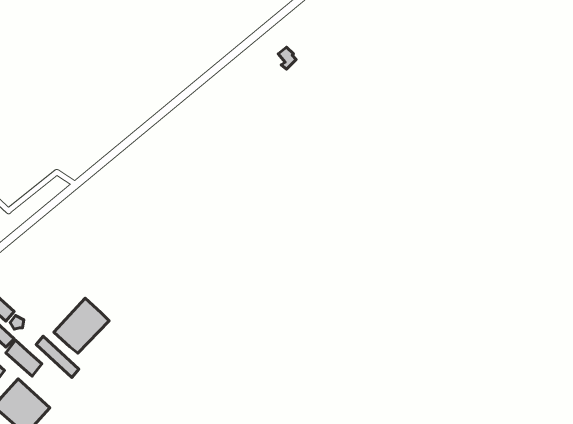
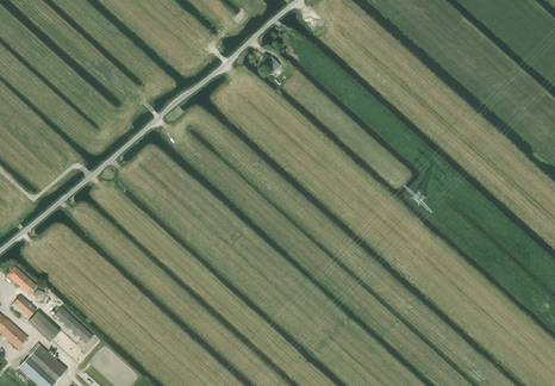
building: [54,298,109,353] -> none

